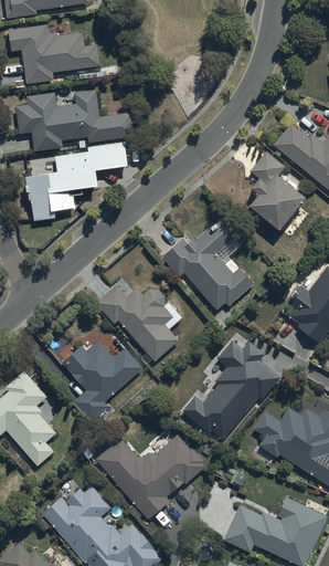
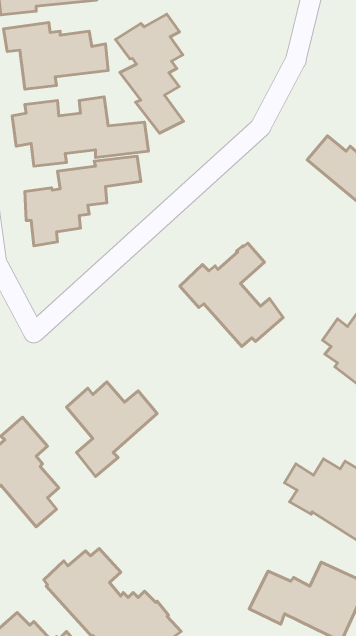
building: none -> [115,14,183,133]
building: [251,155,307,227] -> none
building: [97,284,179,363] -> none
building: [181,340,279,441] -> none
building: [95,436,205,520] -> none

